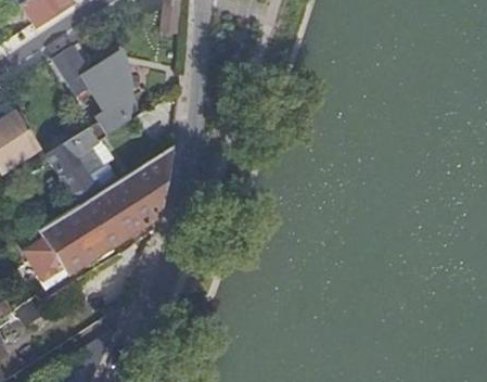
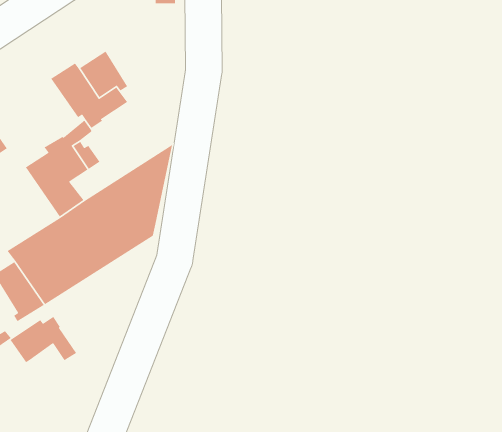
building: [52,46,93,90] -> none
building: none -> [9,316,77,363]

